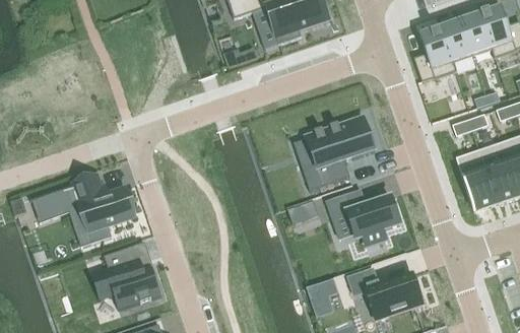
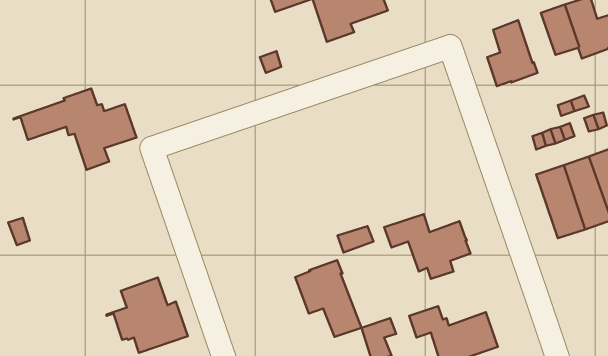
building: [441,19,472,62] -> none
building: [304,115,376,190] -> none
building: [30,174,135,243] -> [13,88,137,170]
building: none -> [295,260,361,337]

